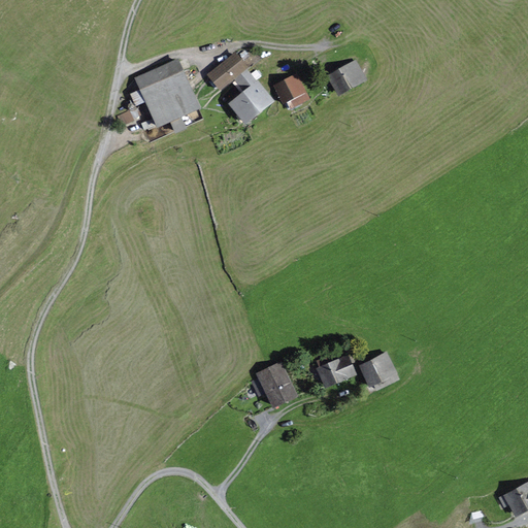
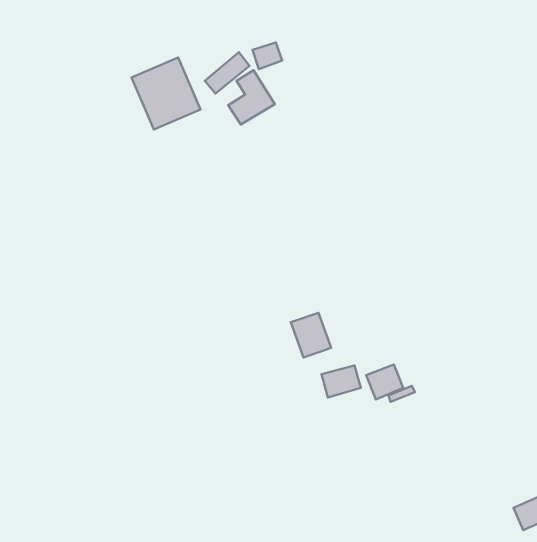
building: [328,64,363,96] -> none
building: [277,74,306,100] -> [252,42,282,69]
building: [257,363,296,406] -> [291,313,331,357]

